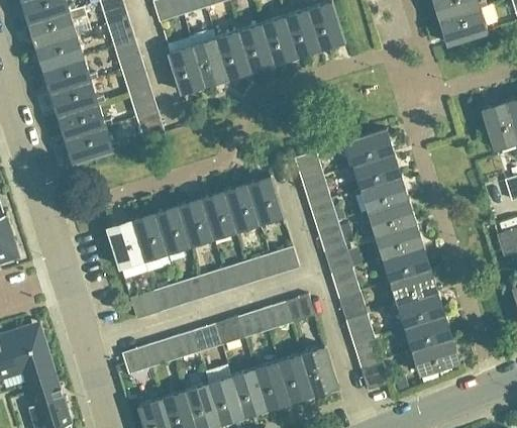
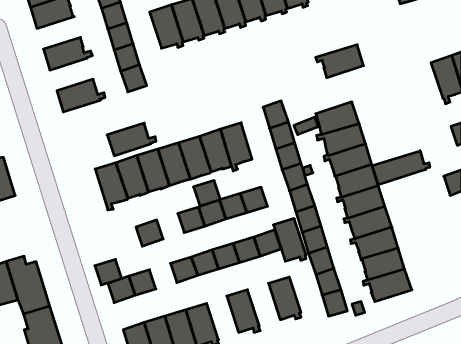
building: [42,57,97,93] -> none
building: [57,103,111,139] -> [107,123,156,156]
building: [339,128,393,165] -> [316,45,364,77]
building: none -> [372,151,430,185]
building: [176,276,206,304] -> [193,181,221,206]
building: [129,291,160,319] -> [95,259,122,285]
building: [168,331,198,359] -> none
building: [277,353,313,401] -> [273,219,306,261]
building: [231,367,267,416] -> none

